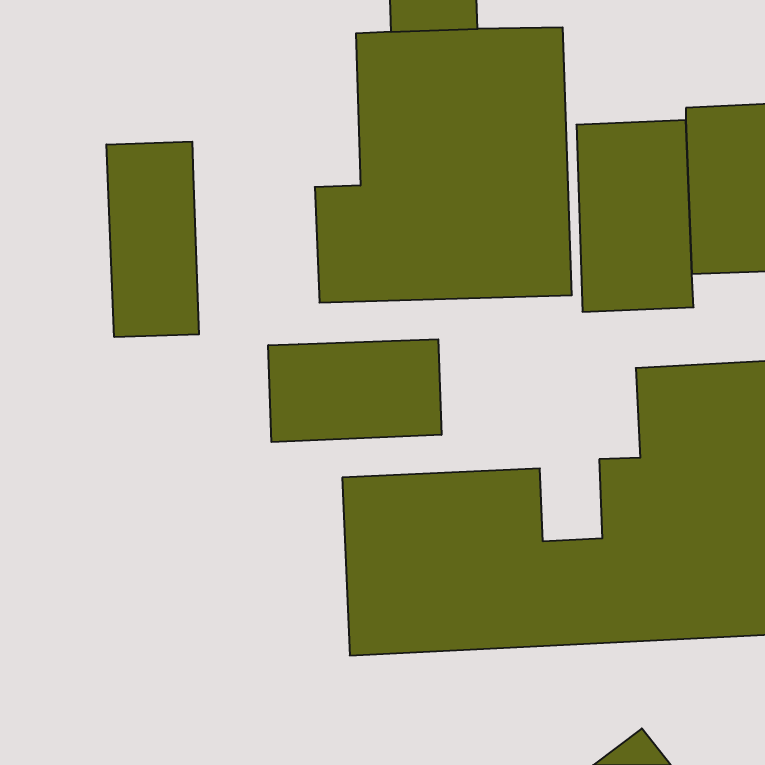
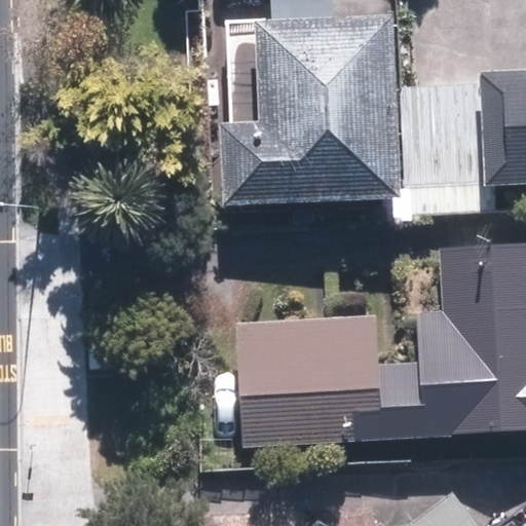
building: [106,142,199,337] -> none
building: [268,339,441,442] -> none

